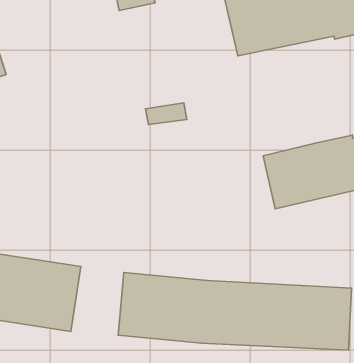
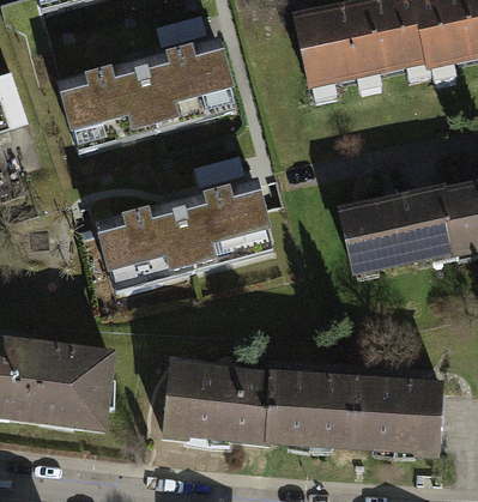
building: none -> [54,38,240,152]
building: none -> [92,182,278,296]

